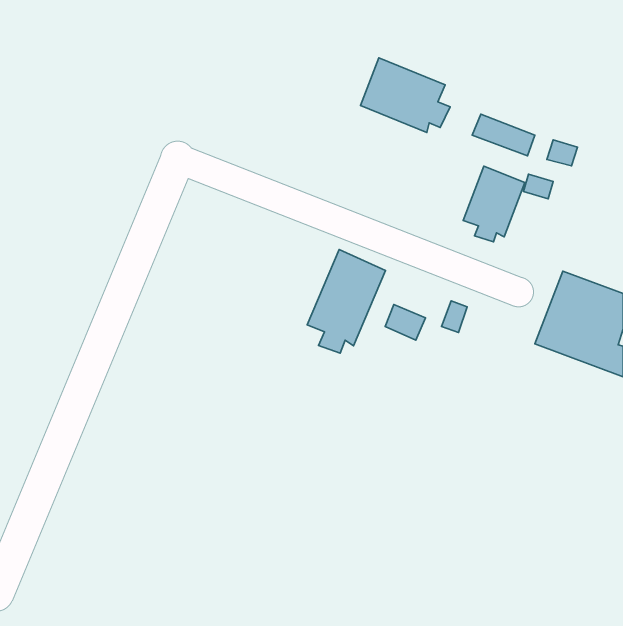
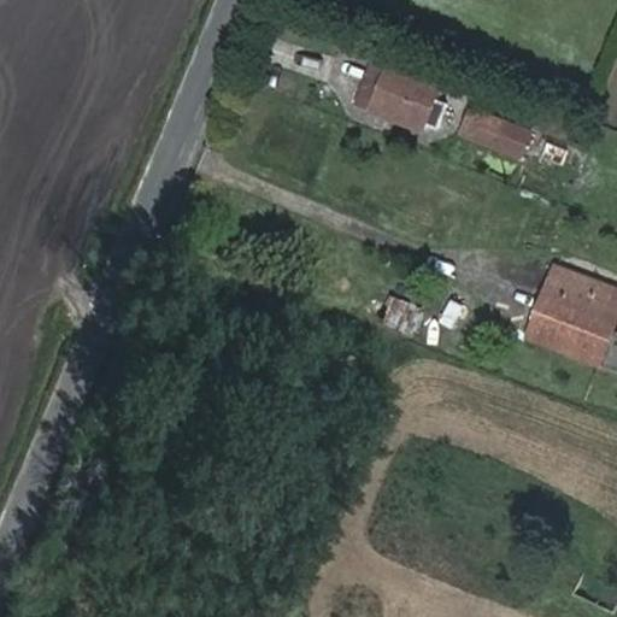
building: [463,166,525,242] -> none
building: [307,250,385,353] -> none

